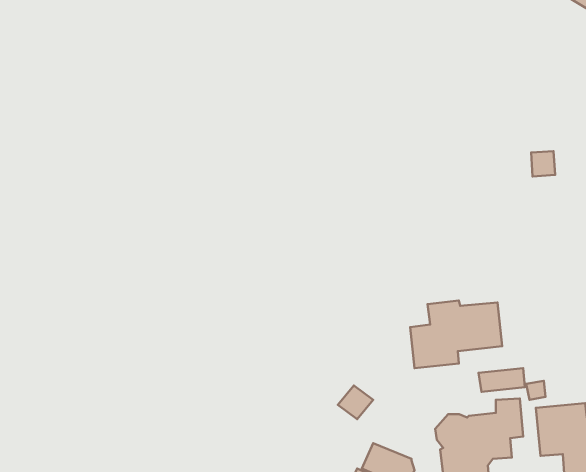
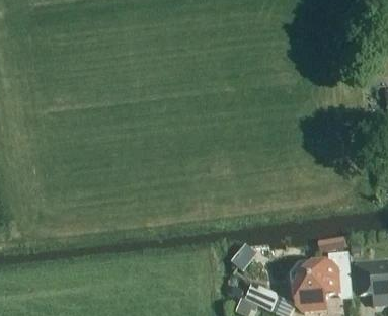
building: [410,301,502,368] -> none

